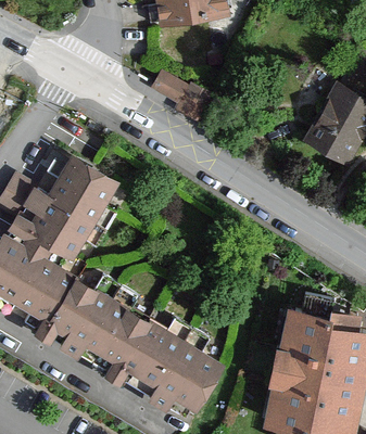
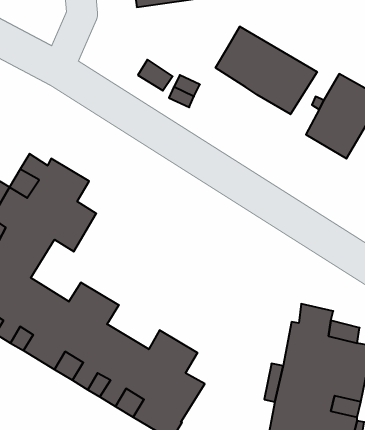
building: none -> [216,26,317,114]

